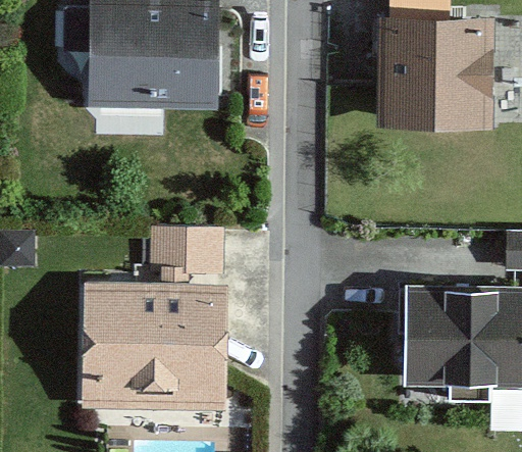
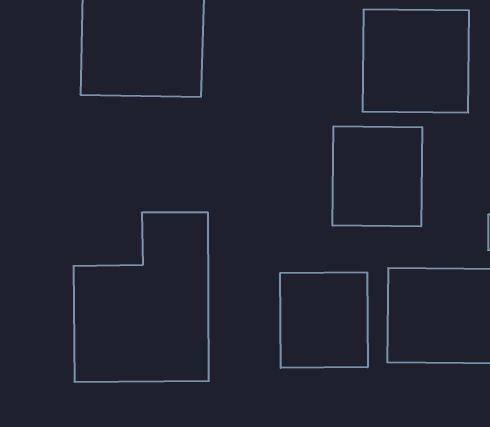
building: none -> [333,126,422,226]
building: none -> [280,272,368,368]

